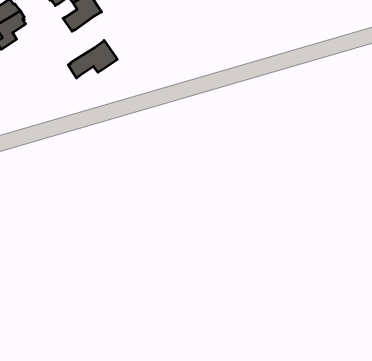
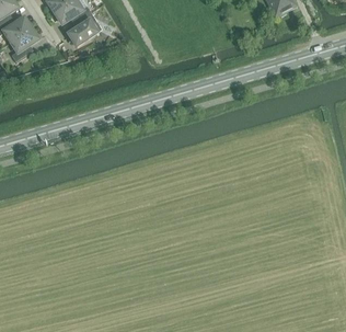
building: [68,40,117,78] -> none

